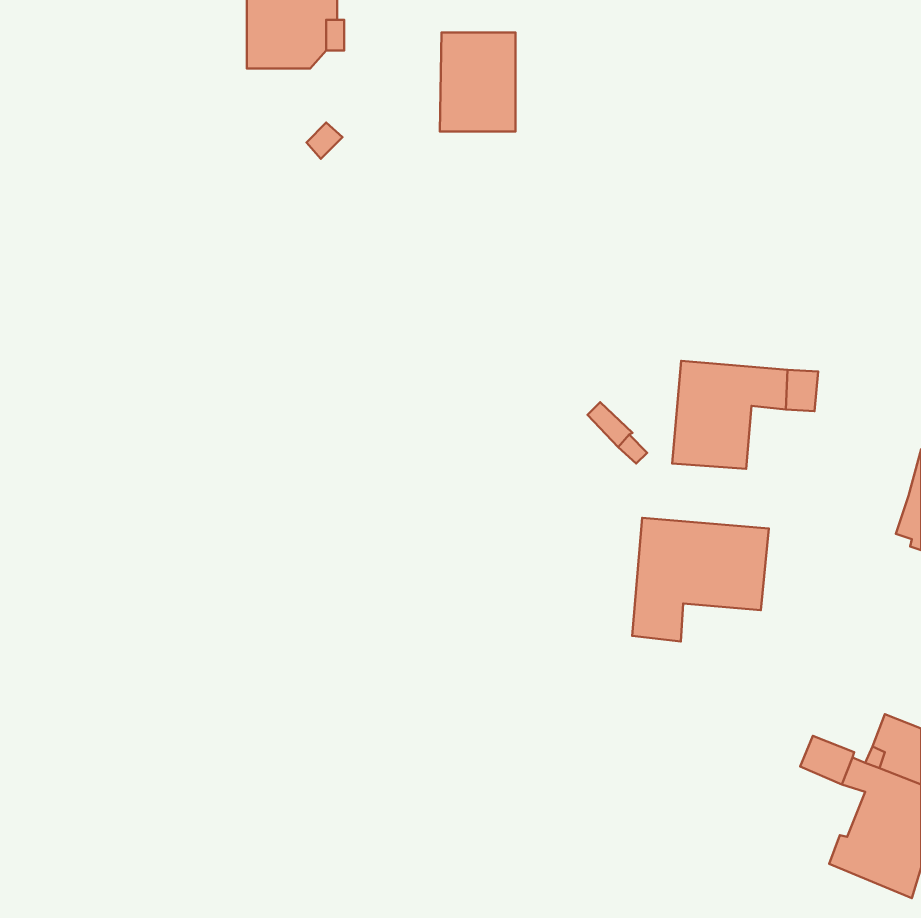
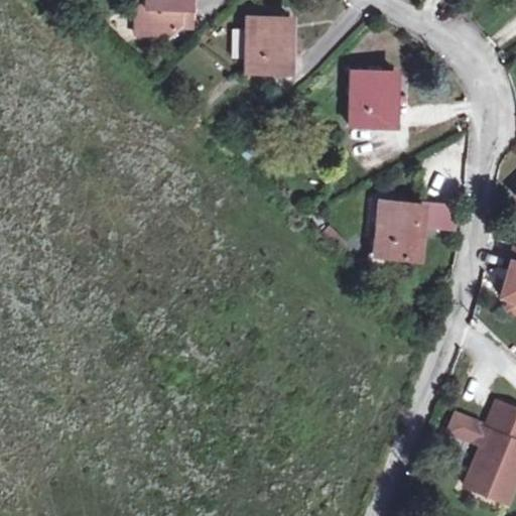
building: none -> [350,72,395,128]
building: [632,518,769,642] -> none

